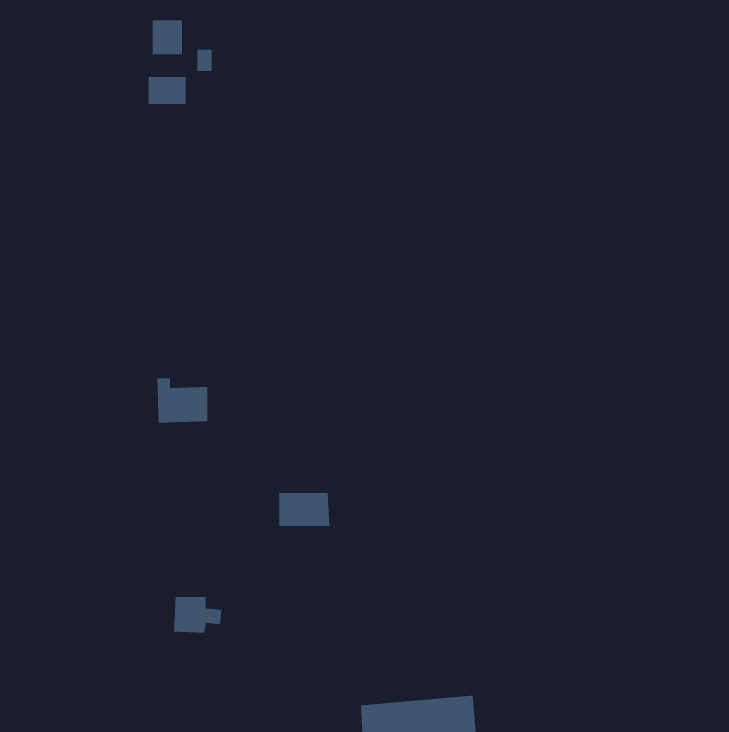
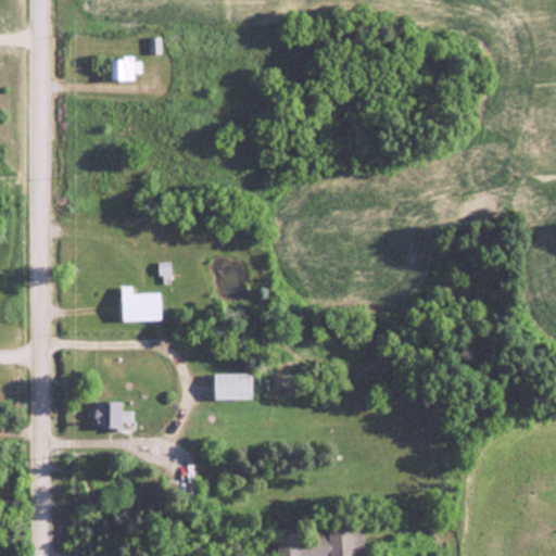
building: [152,20,183,55] -> none
building: [173,596,222,634] -> [97,402,134,430]

